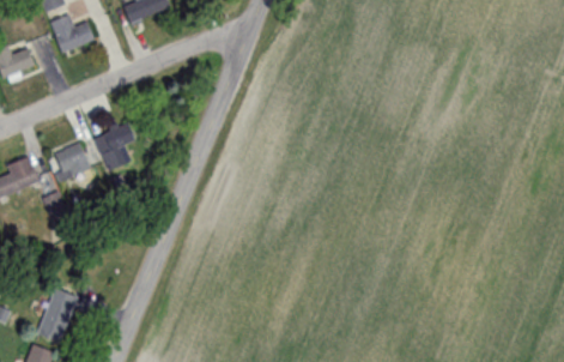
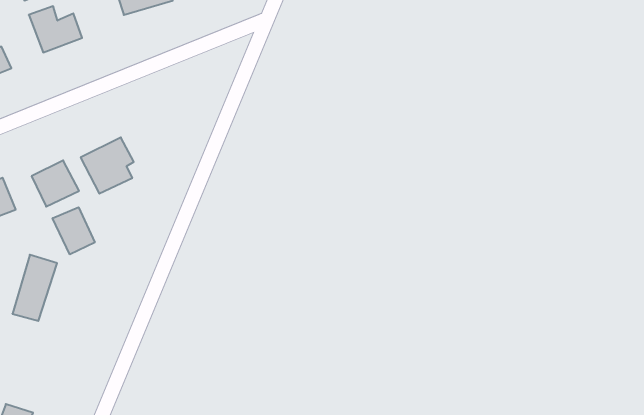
building: none -> [53,207,95,254]
building: [40,289,77,344] -> [12,255,57,321]

